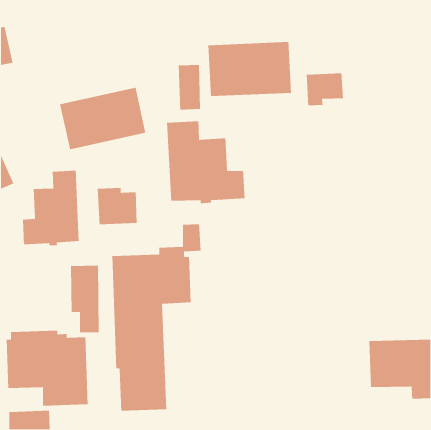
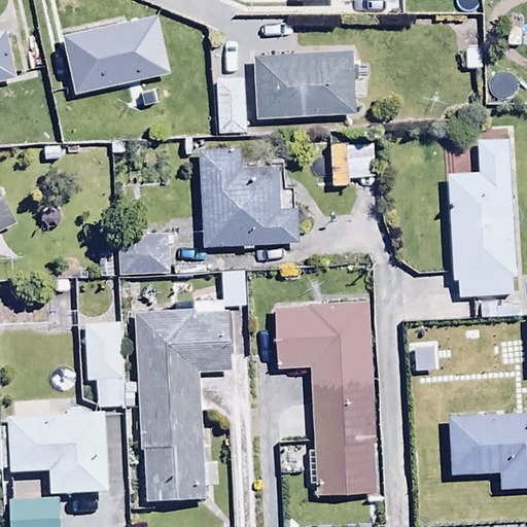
building: [306,73,344,106] -> [328,144,375,185]
building: [59,87,146,150] -> [65,16,171,94]
building: none -> [449,140,518,298]
building: [22,170,80,246] -> none
building: none -> [274,297,378,494]

